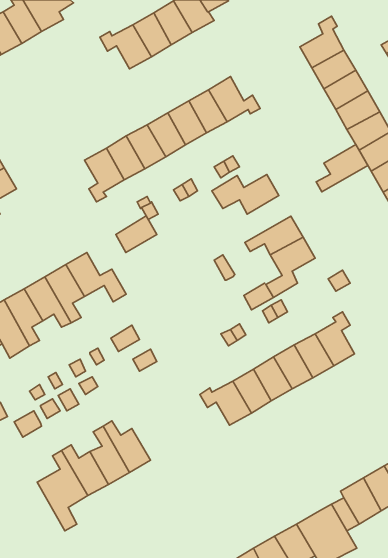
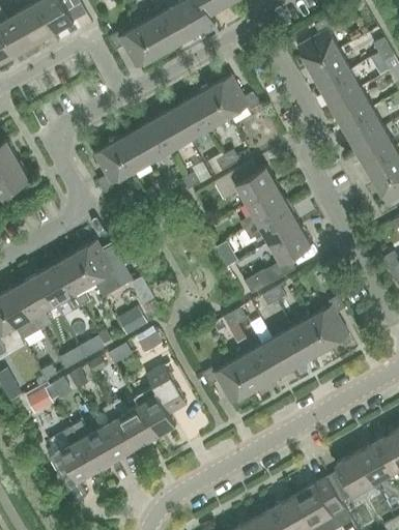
building: [316,145,368,192] -> [239,187,288,232]
building: [116,216,157,253] -> none
building: none -> [133,366,183,437]

